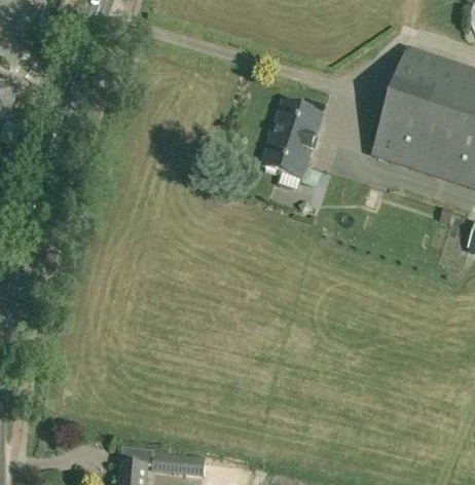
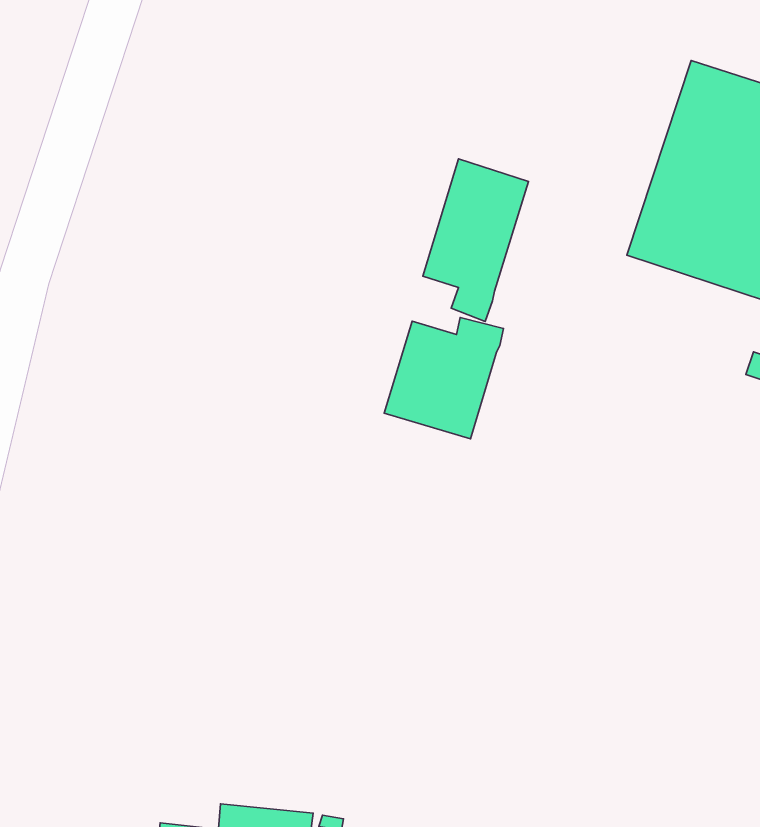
building: none -> [384,317,504,439]

